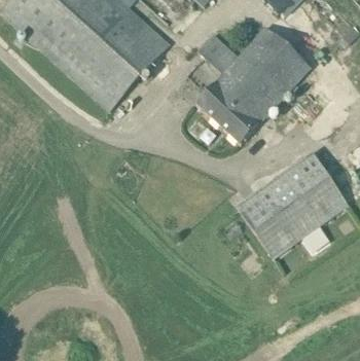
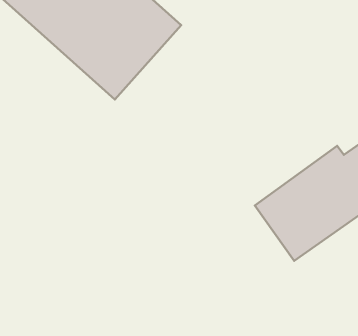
building: [195,27,310,143] -> none

